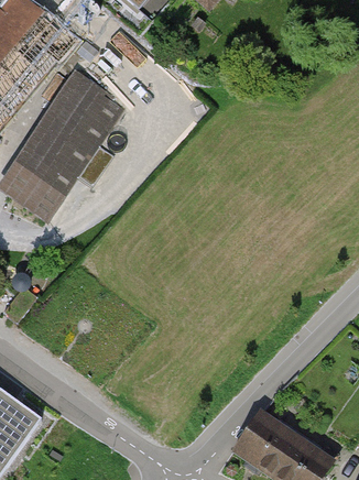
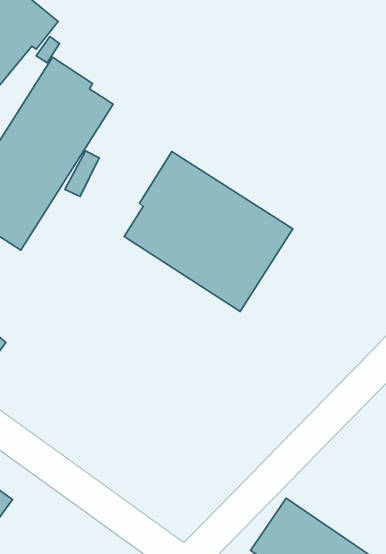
building: none -> [124,152,293,311]

